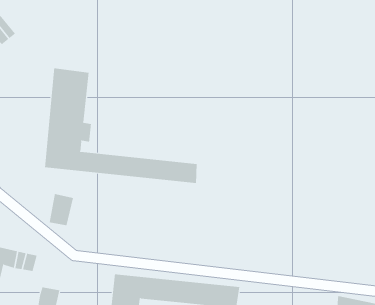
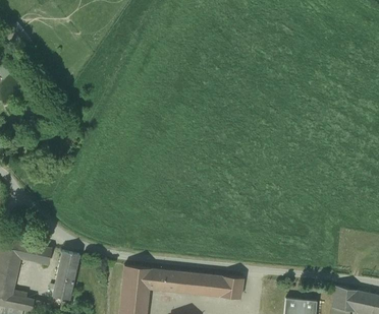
building: [44,68,197,184] -> none
building: [49,193,74,226] -> [57,251,80,281]

